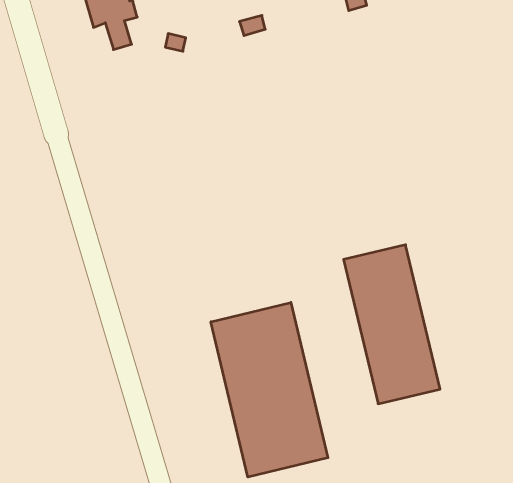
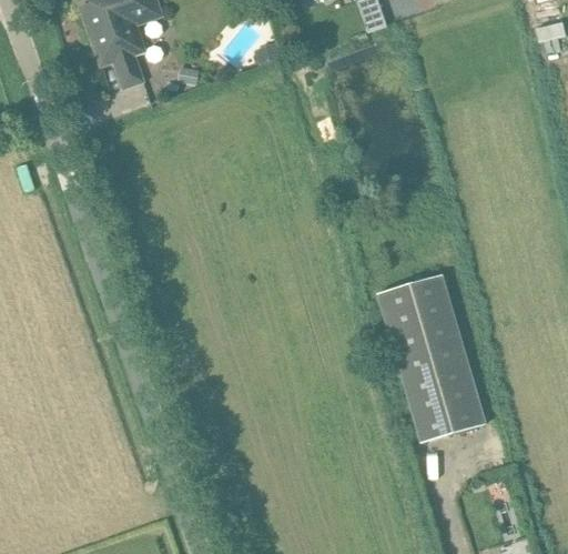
building: [211,302,328,477] -> none

